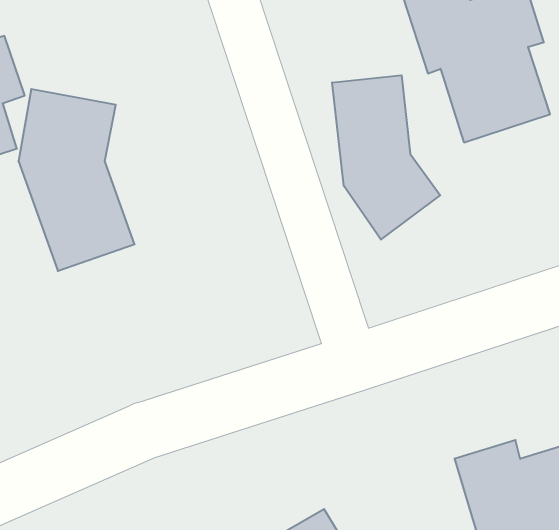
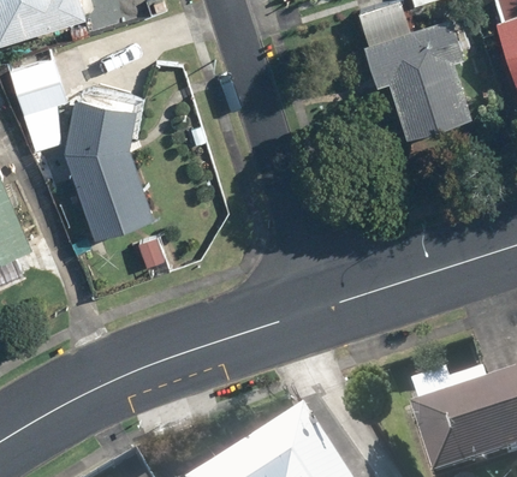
building: [332,75,440,240] -> none

